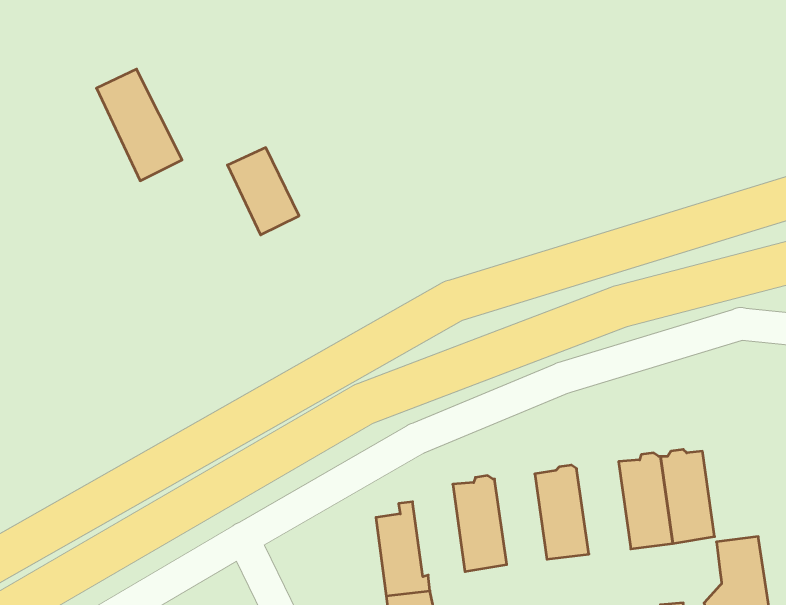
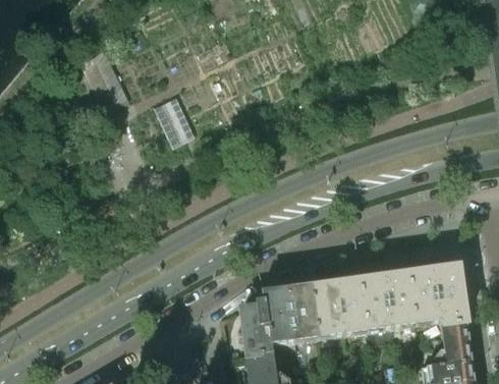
building: none -> [432,265,464,322]
building: none -> [358,275,390,329]
building: none -> [311,281,341,335]
building: none -> [263,288,293,342]

